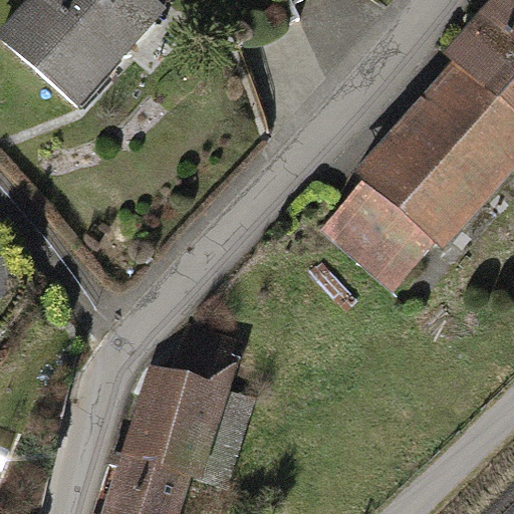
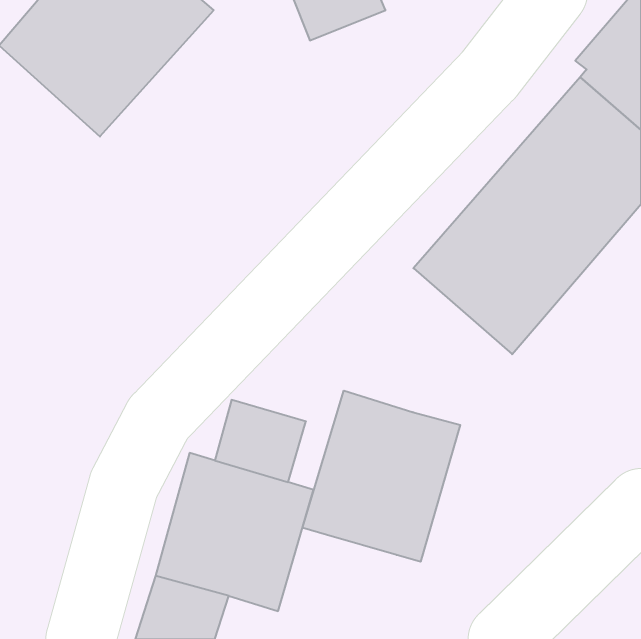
building: none -> [302,391,460,562]

